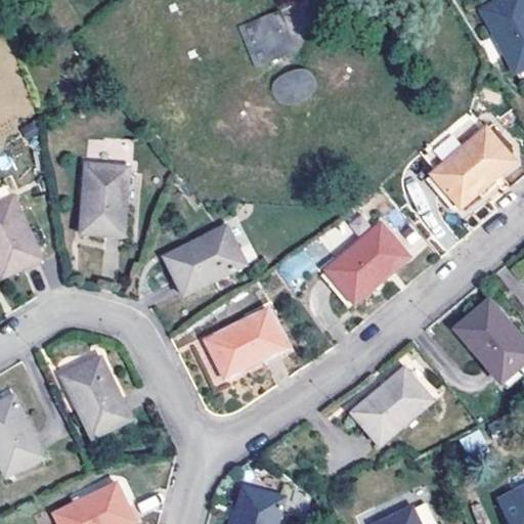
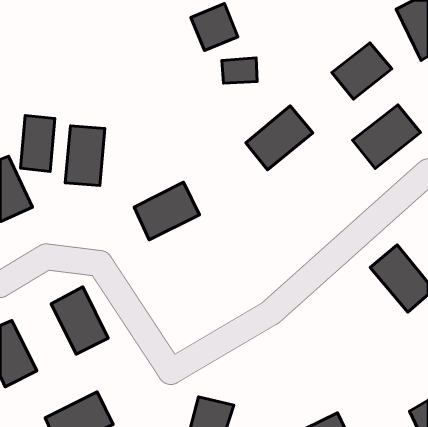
building: none -> [332,43,392,99]
building: none -> [21,115,55,171]
building: [325,225,407,303] -> [246,106,313,170]
building: [204,308,286,378] -> none
building: [354,368,432,444] -> none

